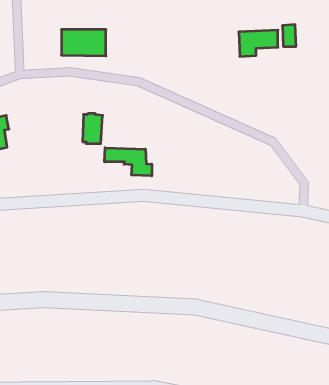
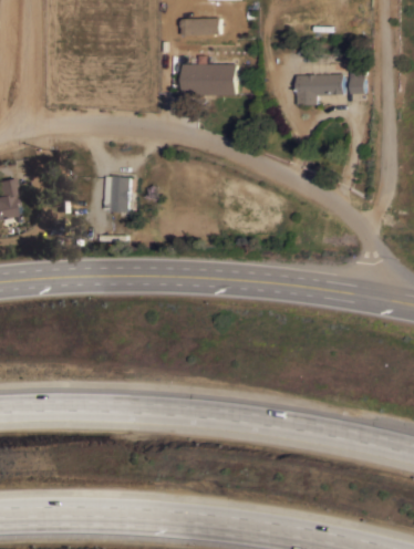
building: [61,30,106,56] -> [183,64,237,96]
building: [105,148,152,176] -> none

